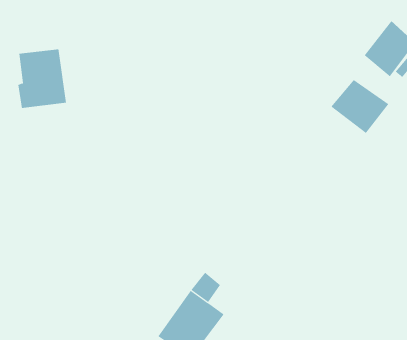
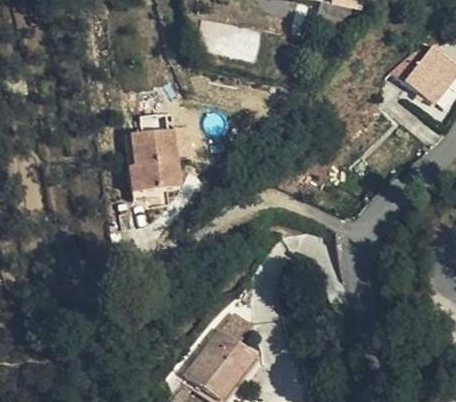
building: [18,49,67,108] -> [128,131,180,194]
building: [330,79,389,134] -> none

